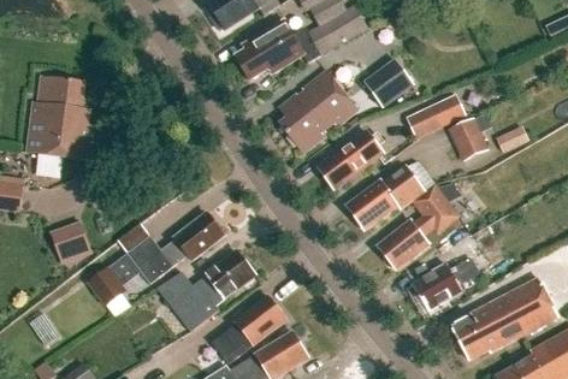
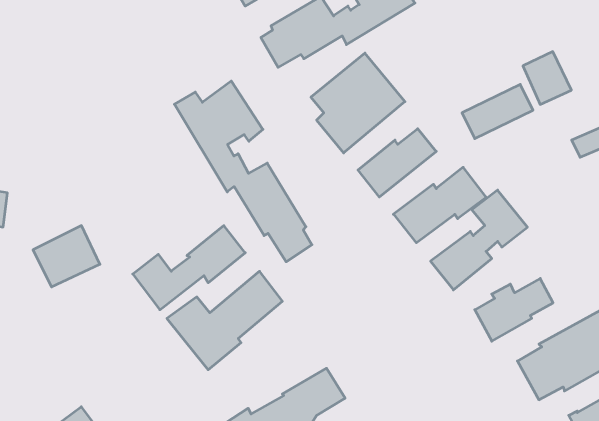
building: [362,59,414,108] -> none
building: [25,78,97,161] -> none
building: none -> [174,81,312,262]
building: [448,118,489,162] -> [523,52,571,104]
building: [85,267,125,308] -> none
building: [223,296,285,359] -> none

